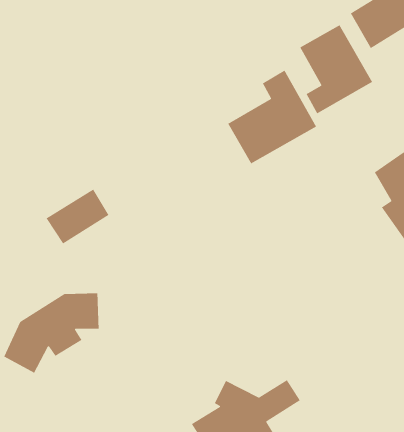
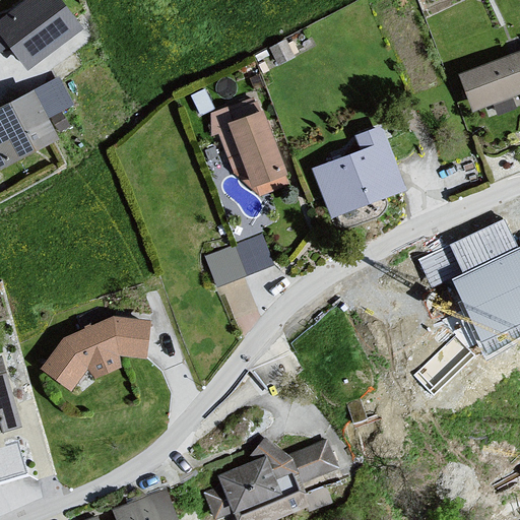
building: [299,24,373,115] -> none
building: none -> [208,96,288,190]
building: [45,188,110,245] -> [202,236,269,288]

